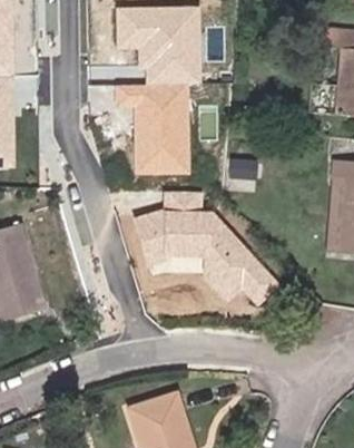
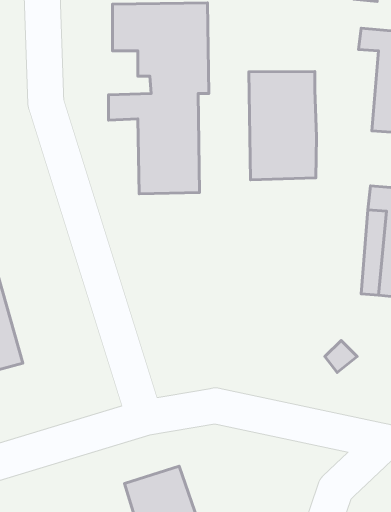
building: none -> [249,71,316,180]
building: [137,189,271,296] -> none

